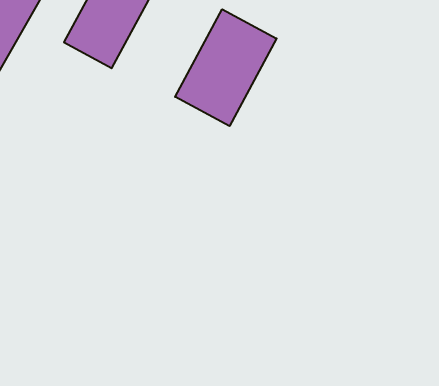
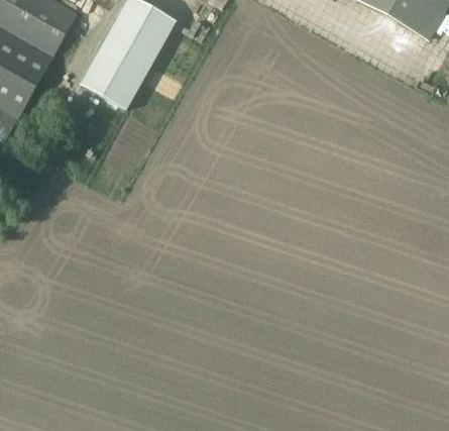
building: [175,9,277,126] -> none

